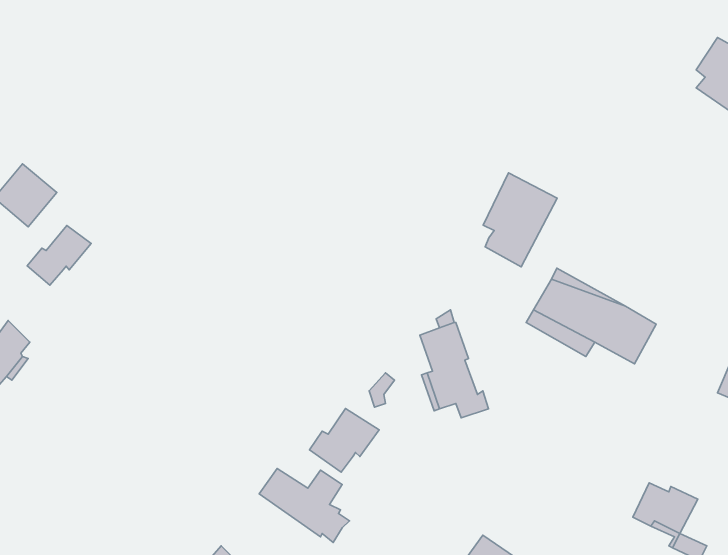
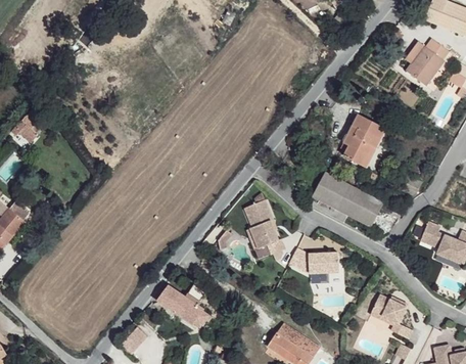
building: [483,173,557,267] -> [343,113,385,167]
building: [27,225,91,285] -> none
building: none -> [288,244,338,271]
building: [310,408,379,472] -> none

